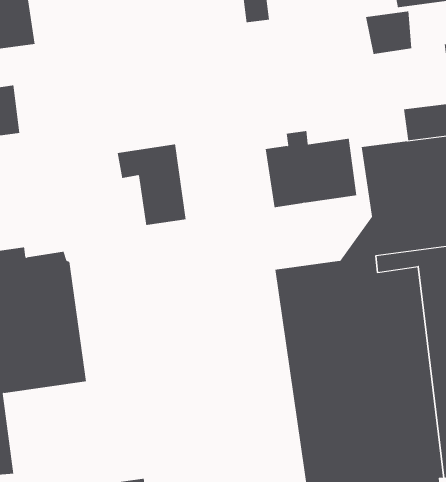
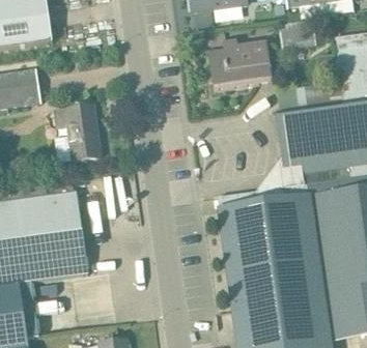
building: [265,131,357,208] -> [208,37,272,90]
building: [117,144,186,226] -> [54,104,102,160]

